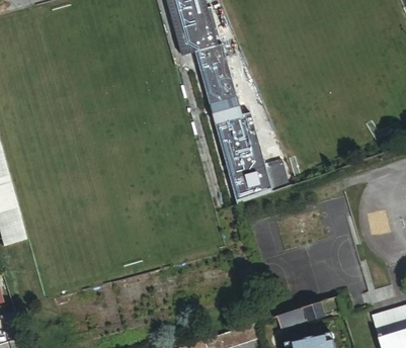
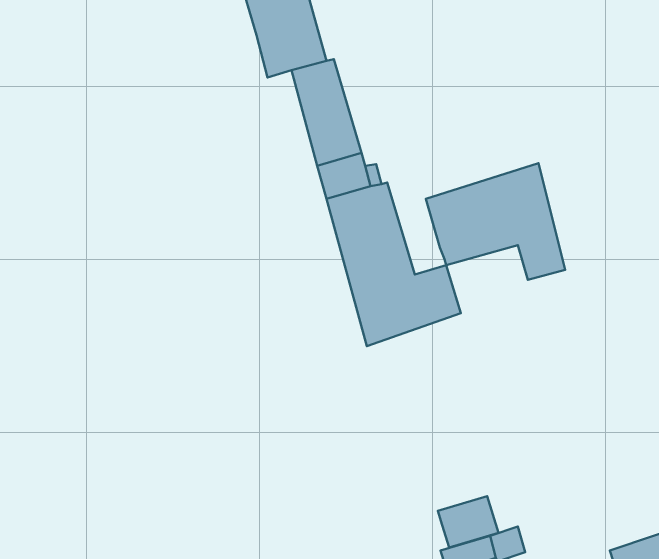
building: none -> [426,163,565,280]
building: none -> [438,496,499,548]

